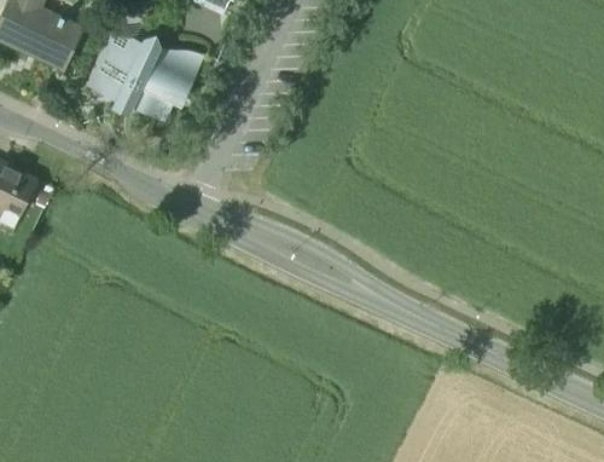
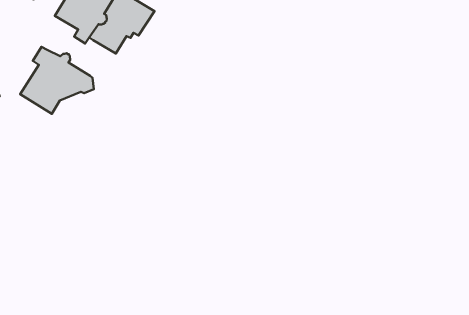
building: none -> [20,47,94,114]

